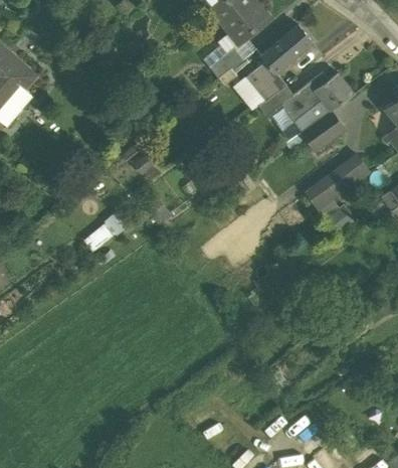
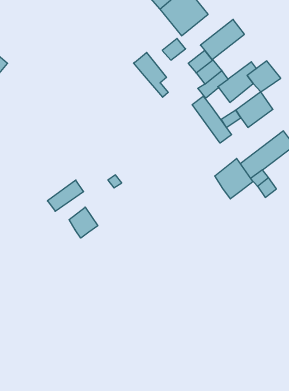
building: none -> [134,52,168,97]
building: none -> [192,96,232,143]
building: none -> [215,158,253,199]
building: none -> [69,207,98,238]

